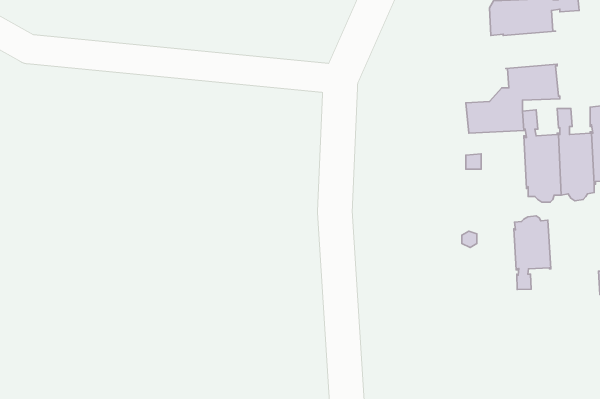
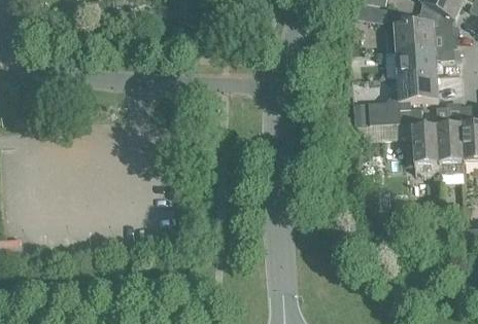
building: none -> [396,46,453,75]
building: [514,216,551,289] -> none

